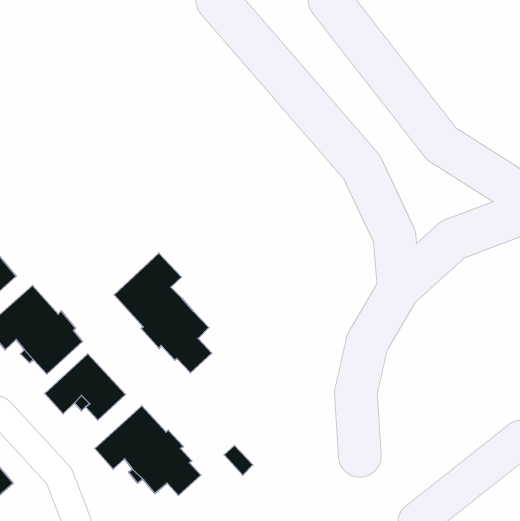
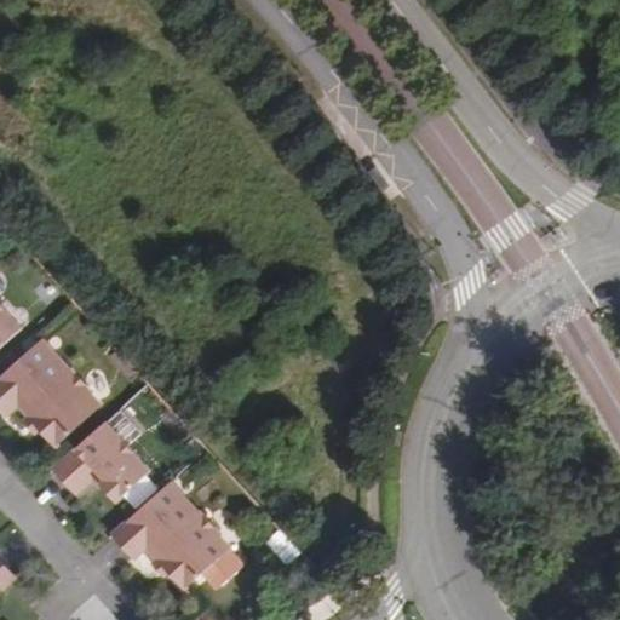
building: [114,253,212,373] -> none

